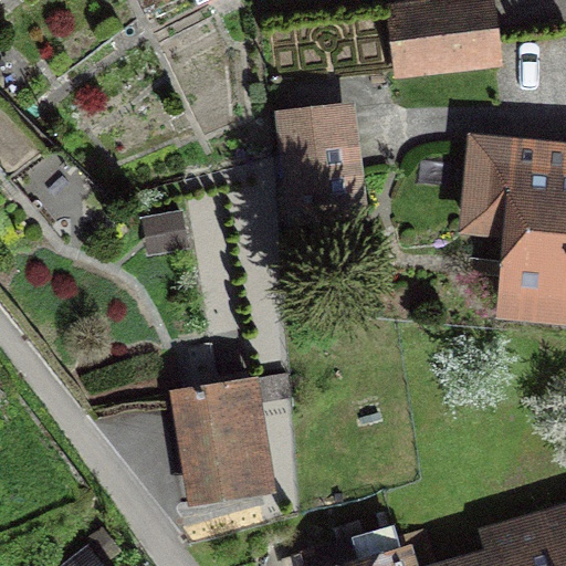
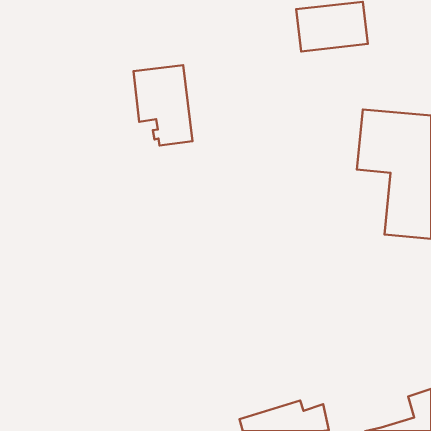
building: [279,107,356,212] -> [133,65,192,145]
building: [192,379,264,499] -> none

